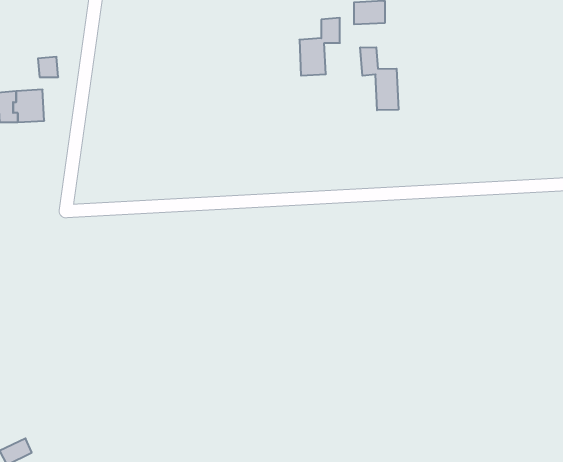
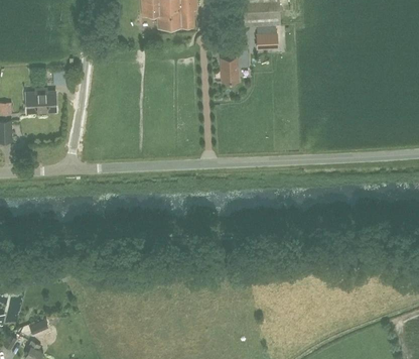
building: [360,47,398,110] -> none

